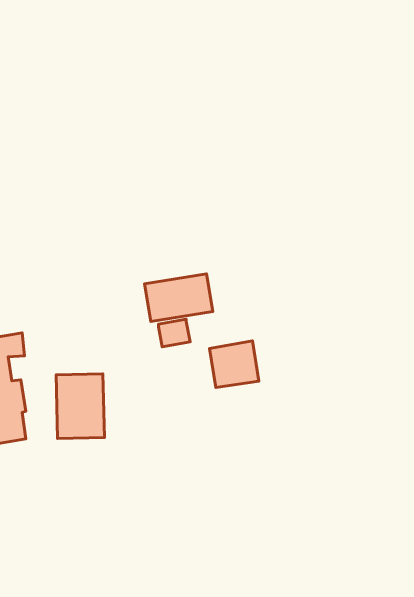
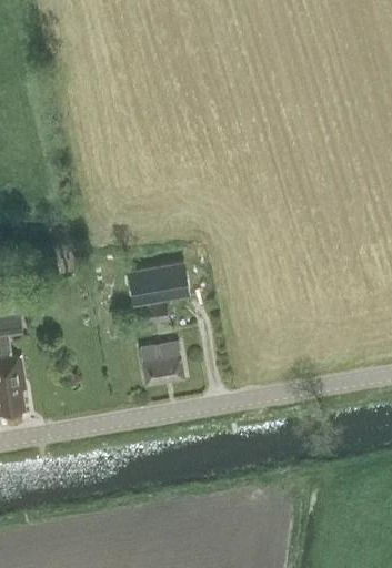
building: [210,341,259,387] -> [140,344,183,385]
building: [56,374,104,438] -> none

